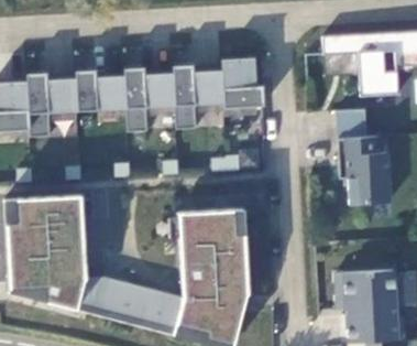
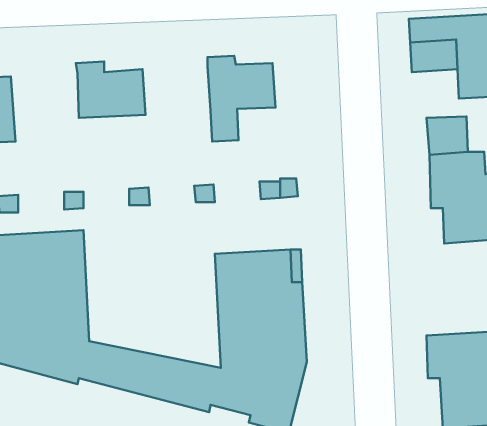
building: [222,57,264,108] -> none
building: [125,67,176,132] -> none
building: [28,73,78,138] -> none

